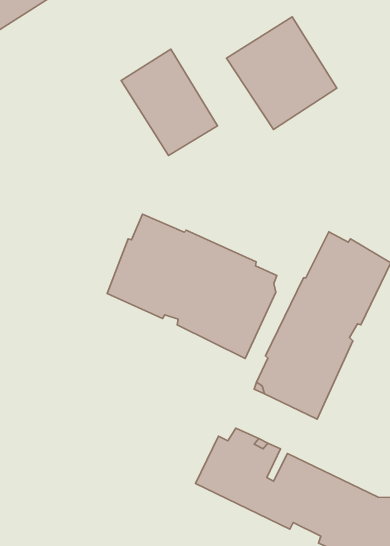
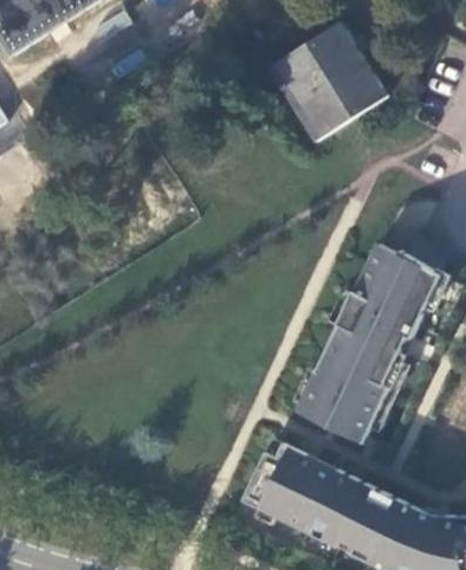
building: [121,49,218,155] -> none
building: [107,214,277,358] -> none

